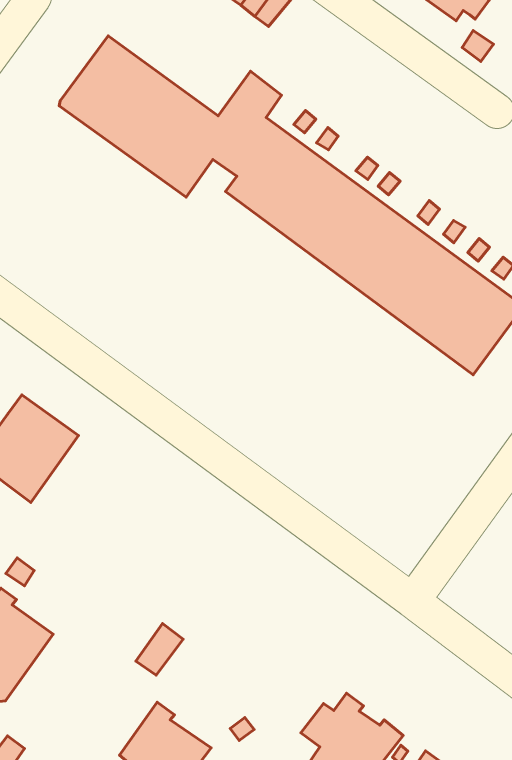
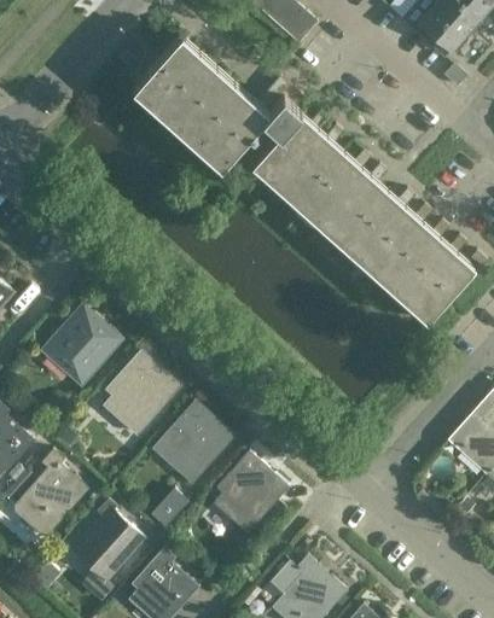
building: none -> [101,352,178,436]
building: none -> [151,402,234,485]
building: none -> [214,451,289,532]
building: none -> [72,497,145,579]

